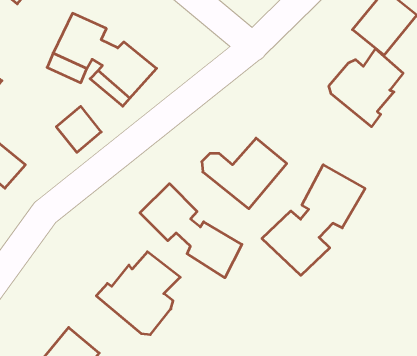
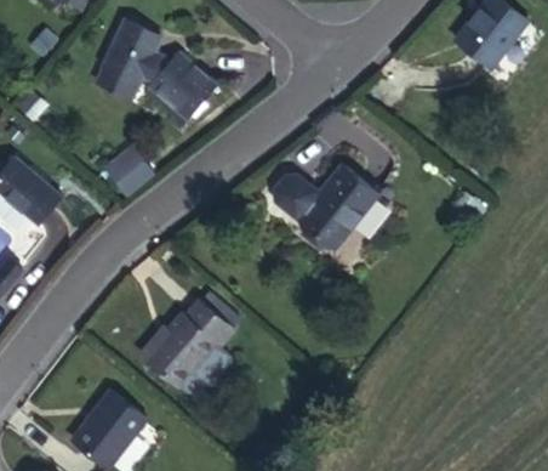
building: [329,49,403,127] -> none
building: [262,165,365,275] -> none
building: [140,184,242,278] -> none

